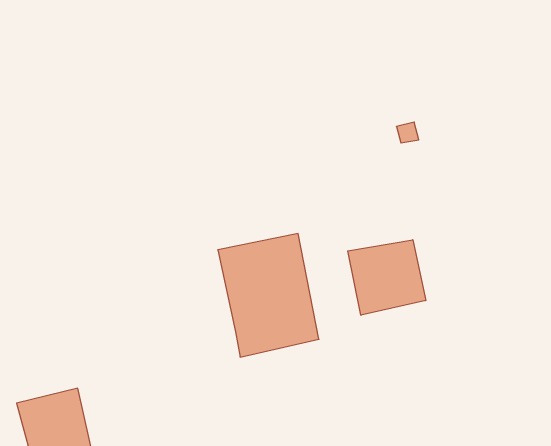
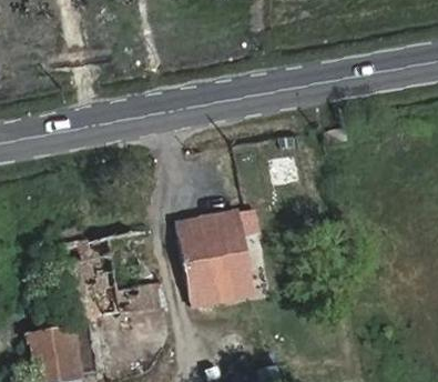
building: [348,240,426,315] -> none

